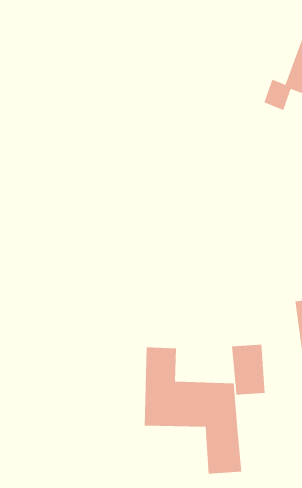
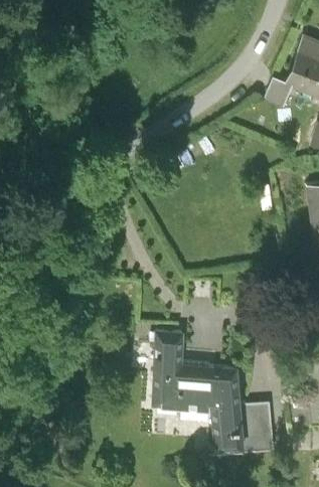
building: [231,344,265,395] -> [242,403,274,452]

